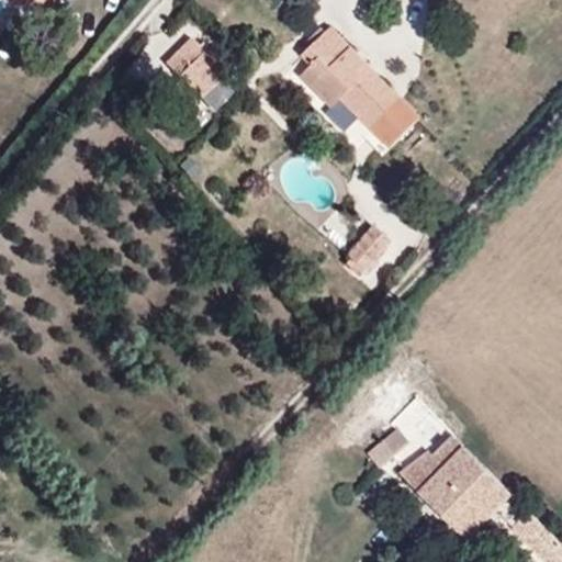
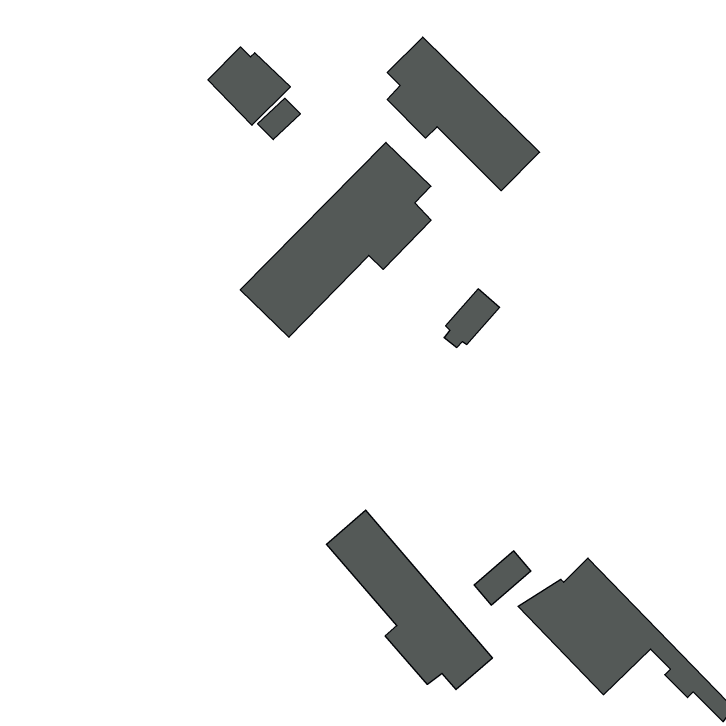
building: none -> [240,142,431,337]
building: none -> [326,510,492,690]

